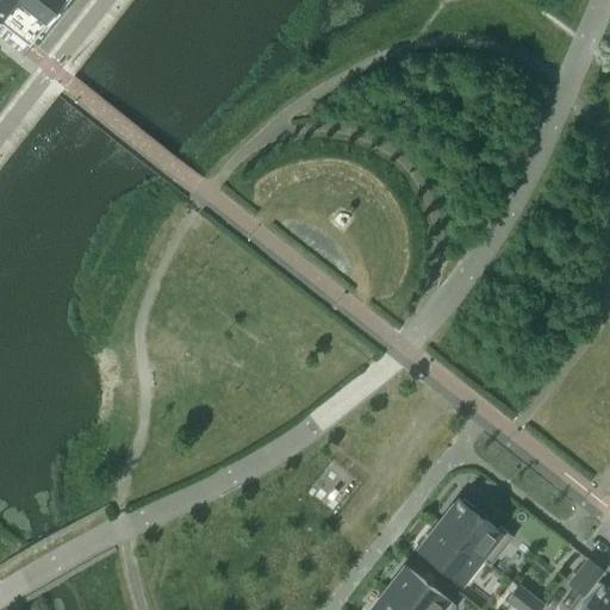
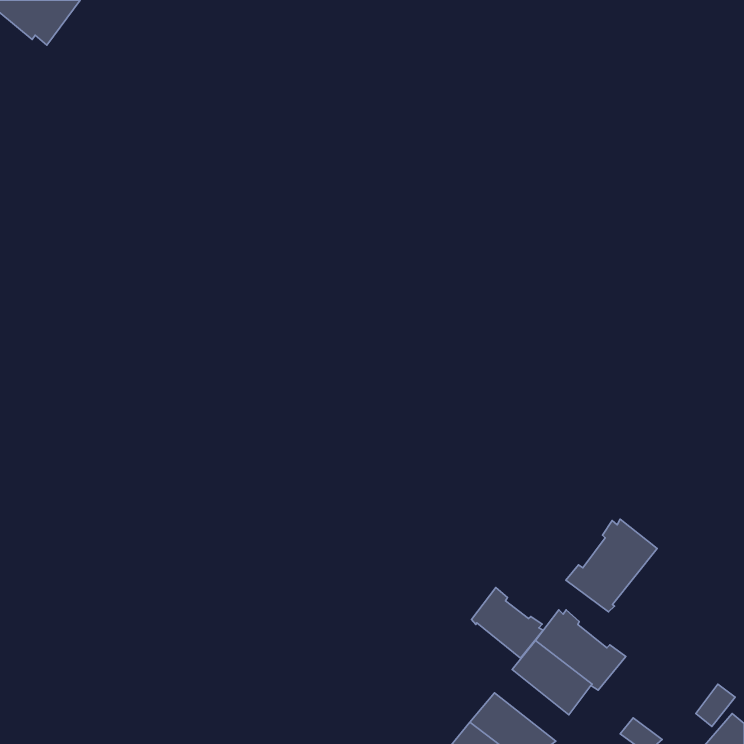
building: none -> [566,519,657,612]
building: none -> [471,587,543,658]

